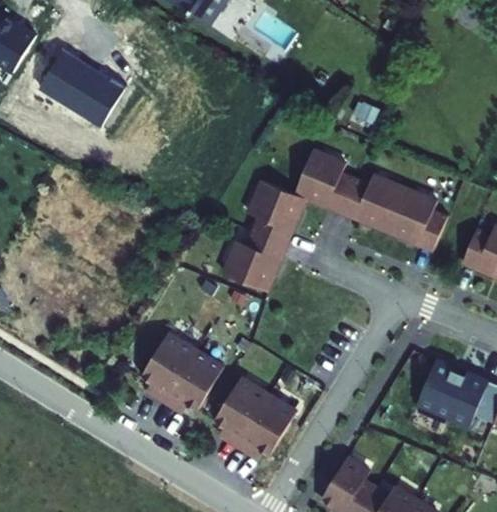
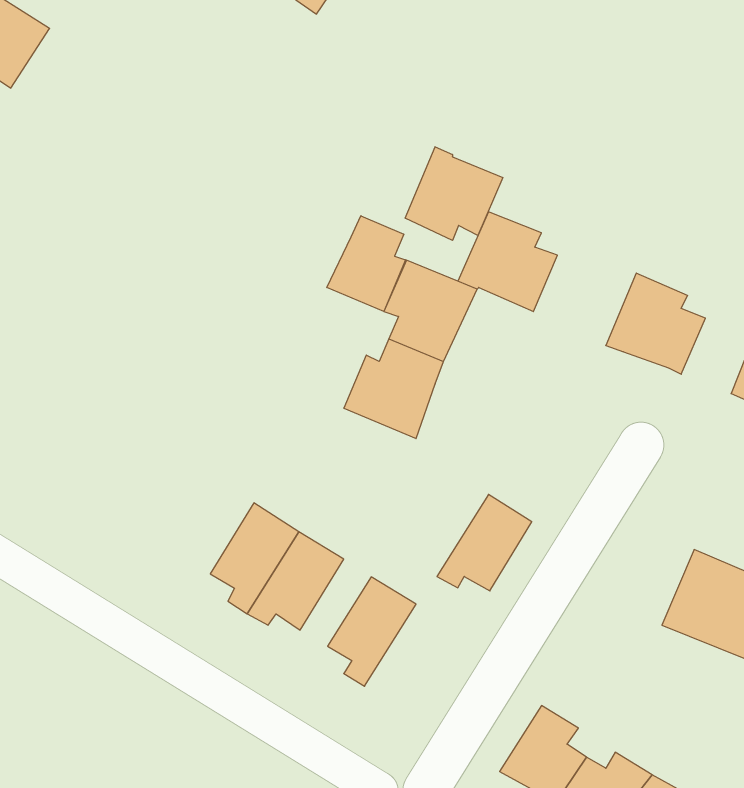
building: [45,48,130,127] -> none
building: none -> [405,147,503,240]
building: none -> [327,216,405,311]
building: [340,174,404,233] -> none
building: [235,394,294,454] -> [437,494,532,591]

